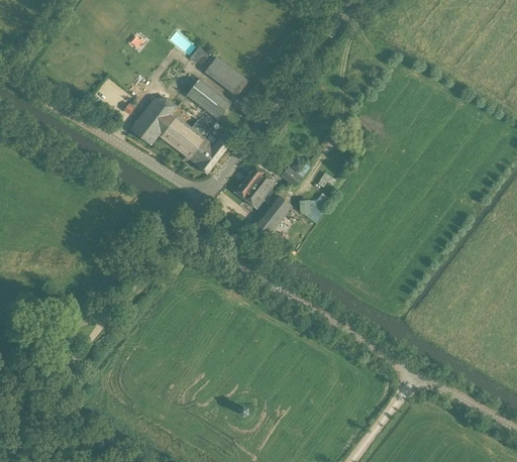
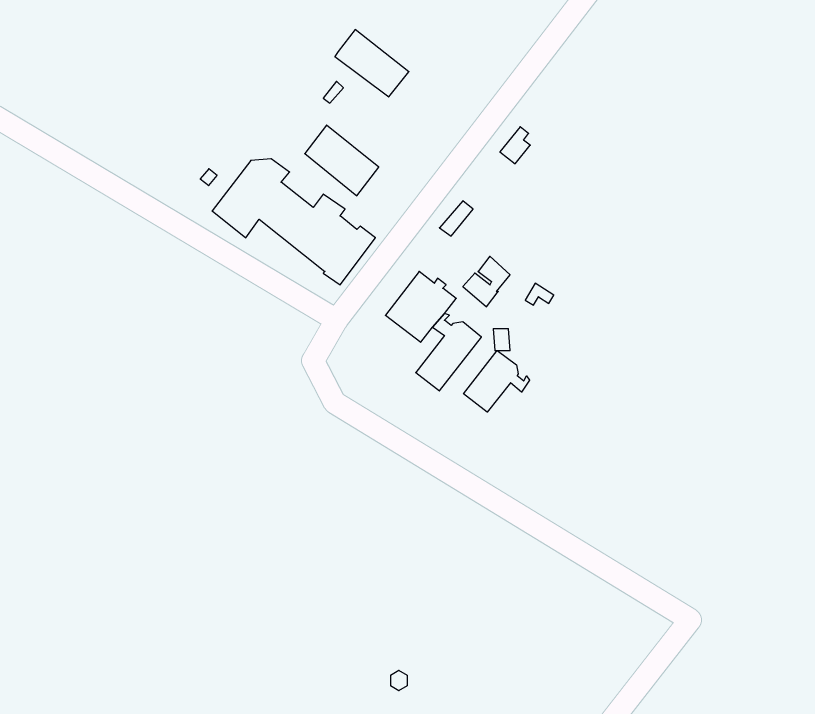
building: [204,55,248,96] -> [335,30,409,97]
building: none -> [464,351,530,412]

